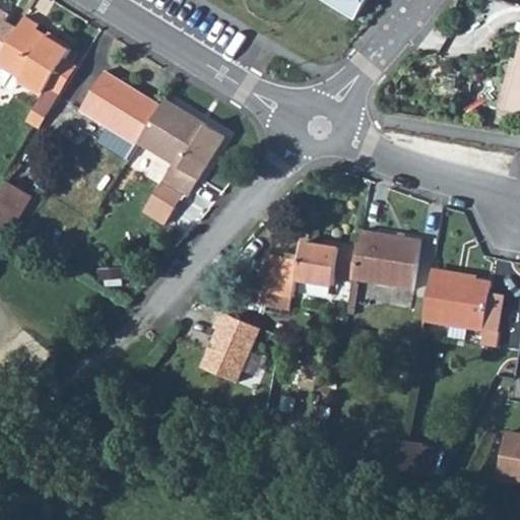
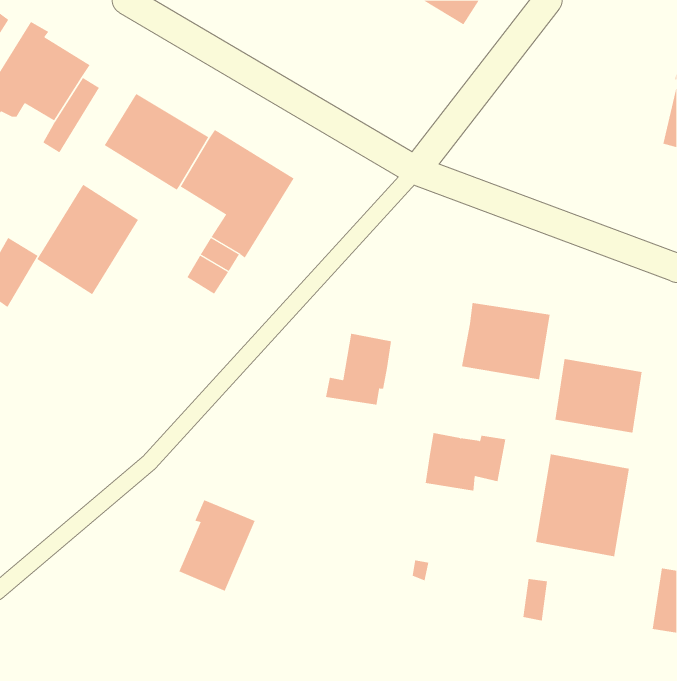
building: none -> [36,184,139,295]
building: [296,242,358,286] -> [425,433,506,491]
building: [200,312,259,382] -> [178,500,256,592]
building: none -> [535,454,629,557]

